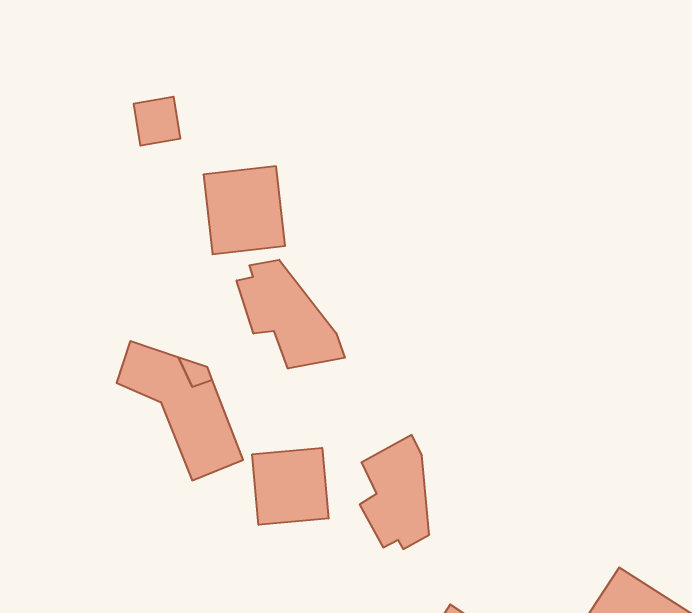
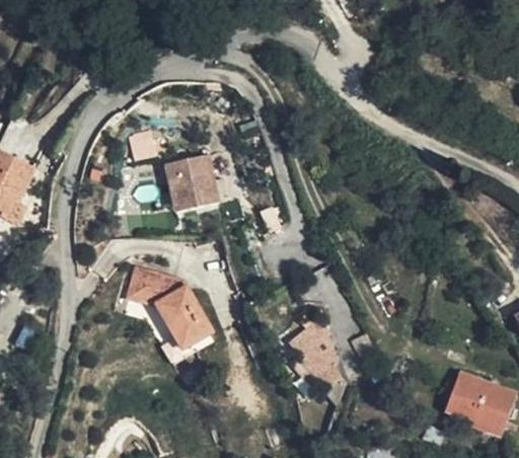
building: [237,260,345,369] -> none
building: [252,448,328,525] -> none

